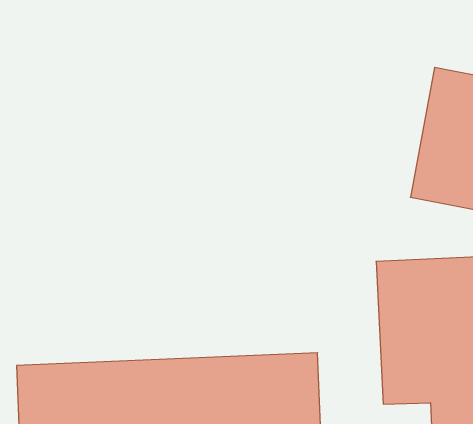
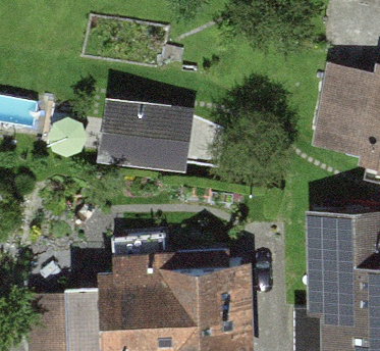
building: none -> [103,100,207,178]

